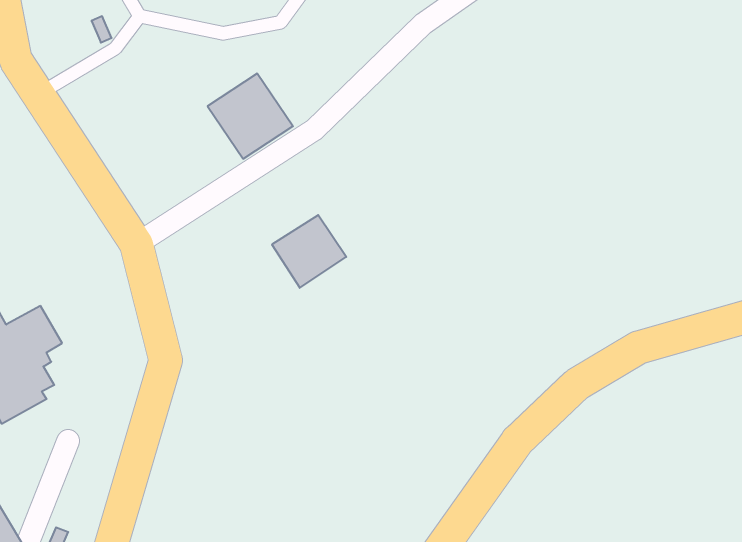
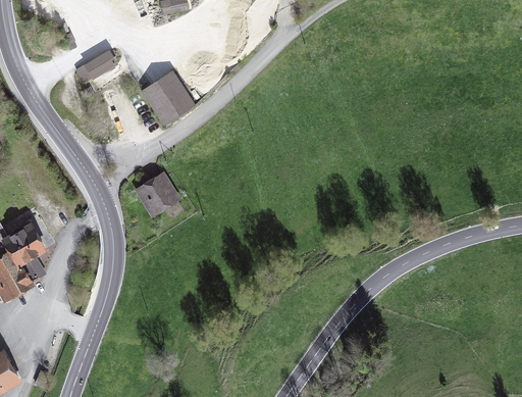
building: none -> [74,50,117,83]
building: [272,215,346,288] -> [133,171,181,219]

